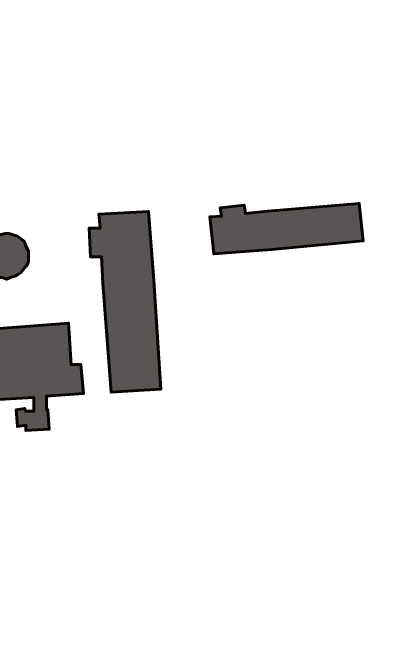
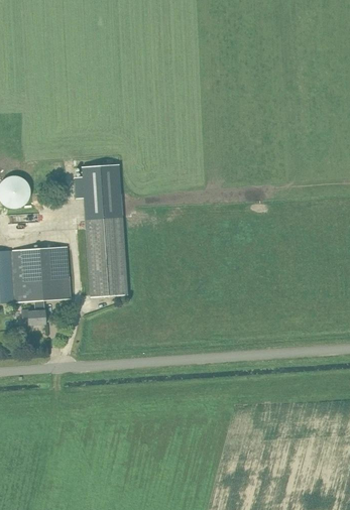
building: [210,204,363,254] -> none

